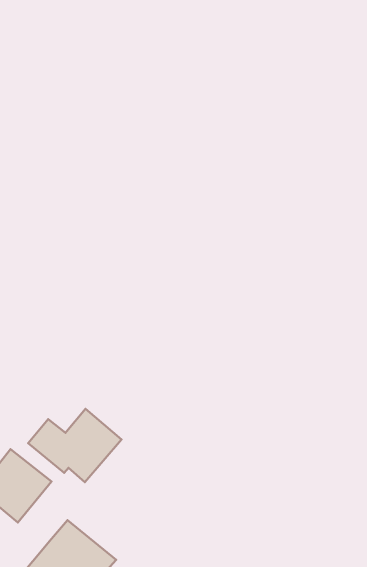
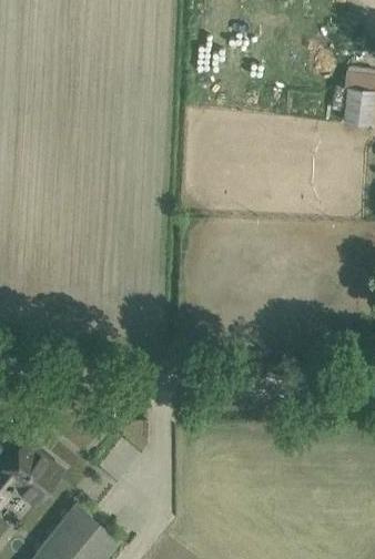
building: [28,409,122,482] -> none

